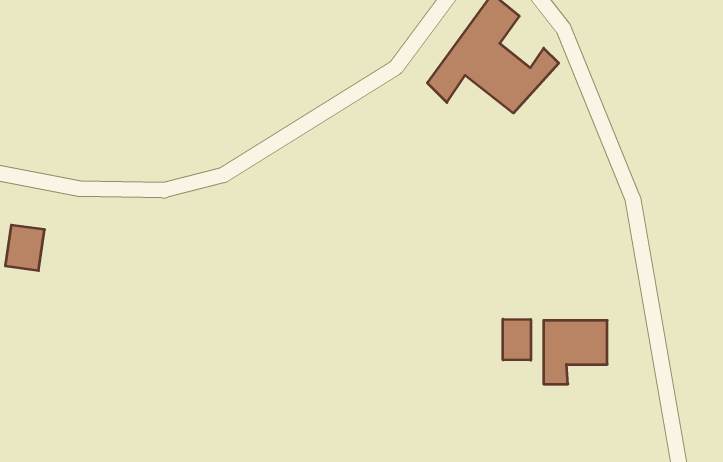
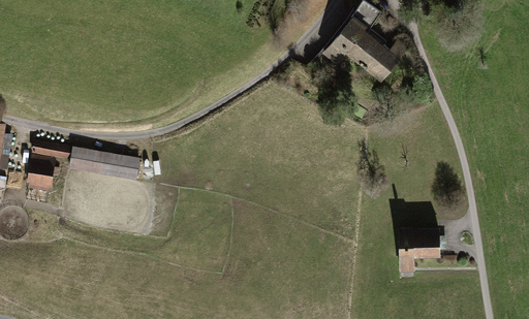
building: none -> [33,137,143,179]
building: [503,319,531,360] -> none

